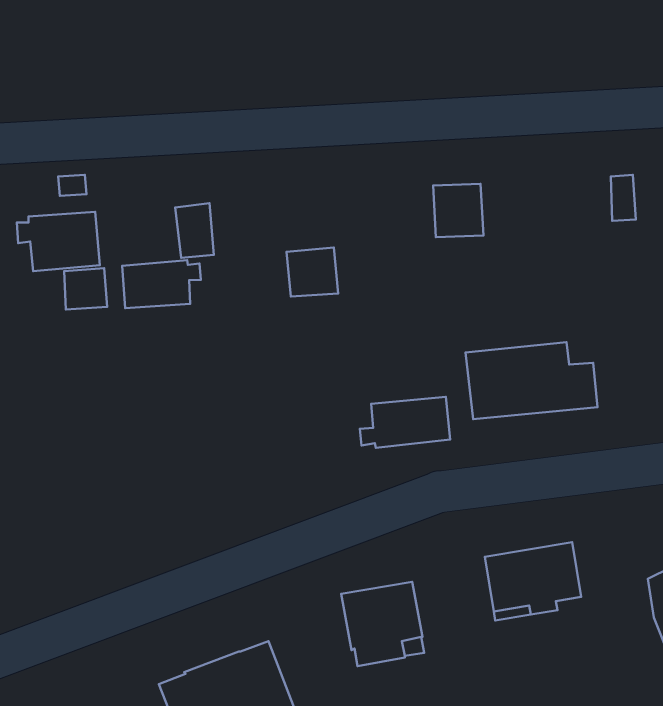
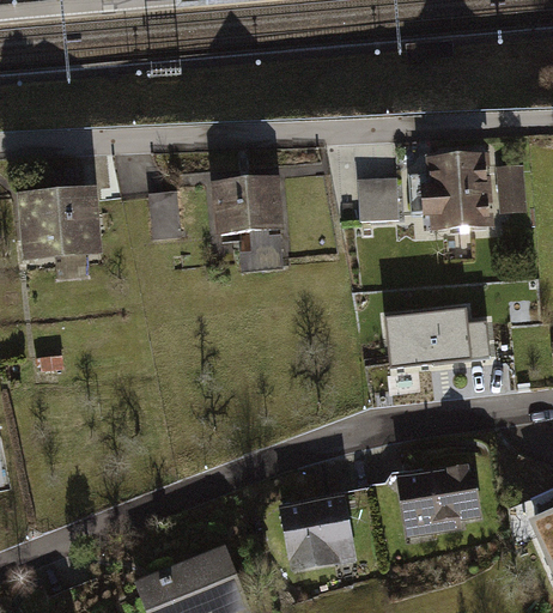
building: none -> [419,154,488,225]
building: none -> [217,176,278,232]
building: [122,260,201,308] -> none
building: [360,397,450,448] -> none

